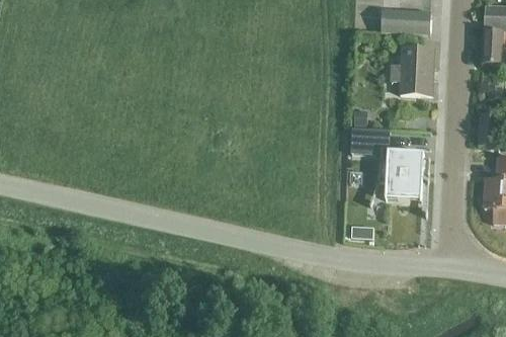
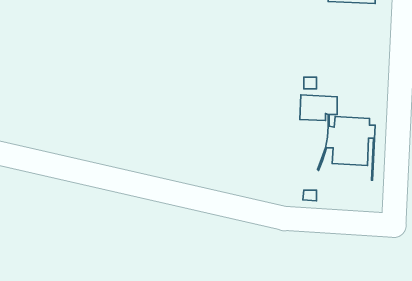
building: [391,46,434,94] -> none

